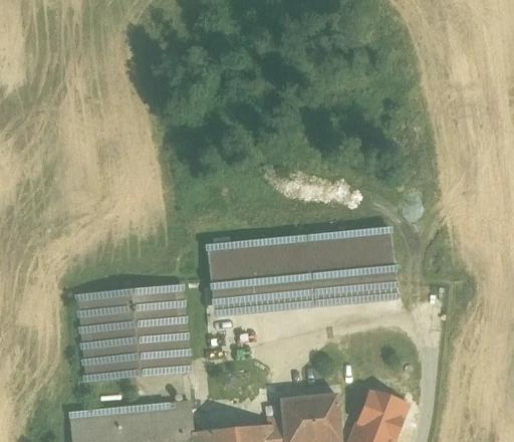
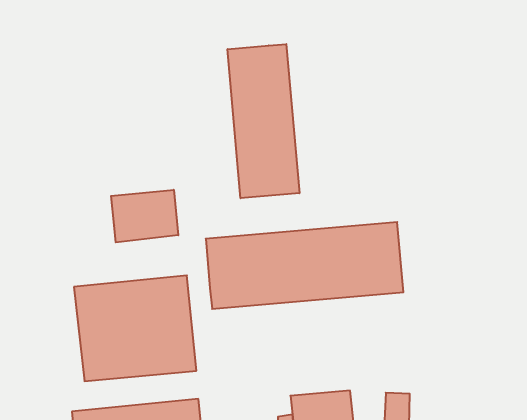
building: none -> [228,44,299,198]
building: none -> [111,190,178,242]

